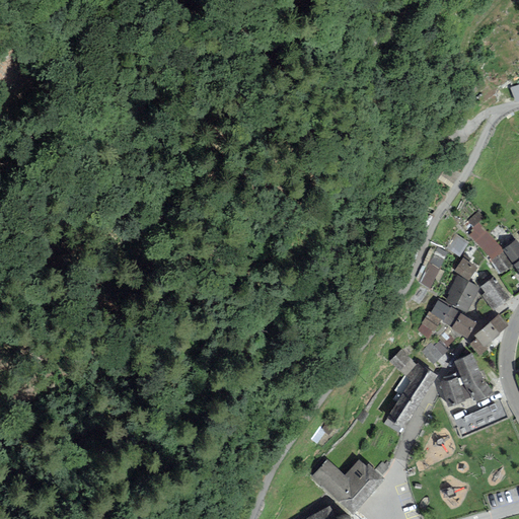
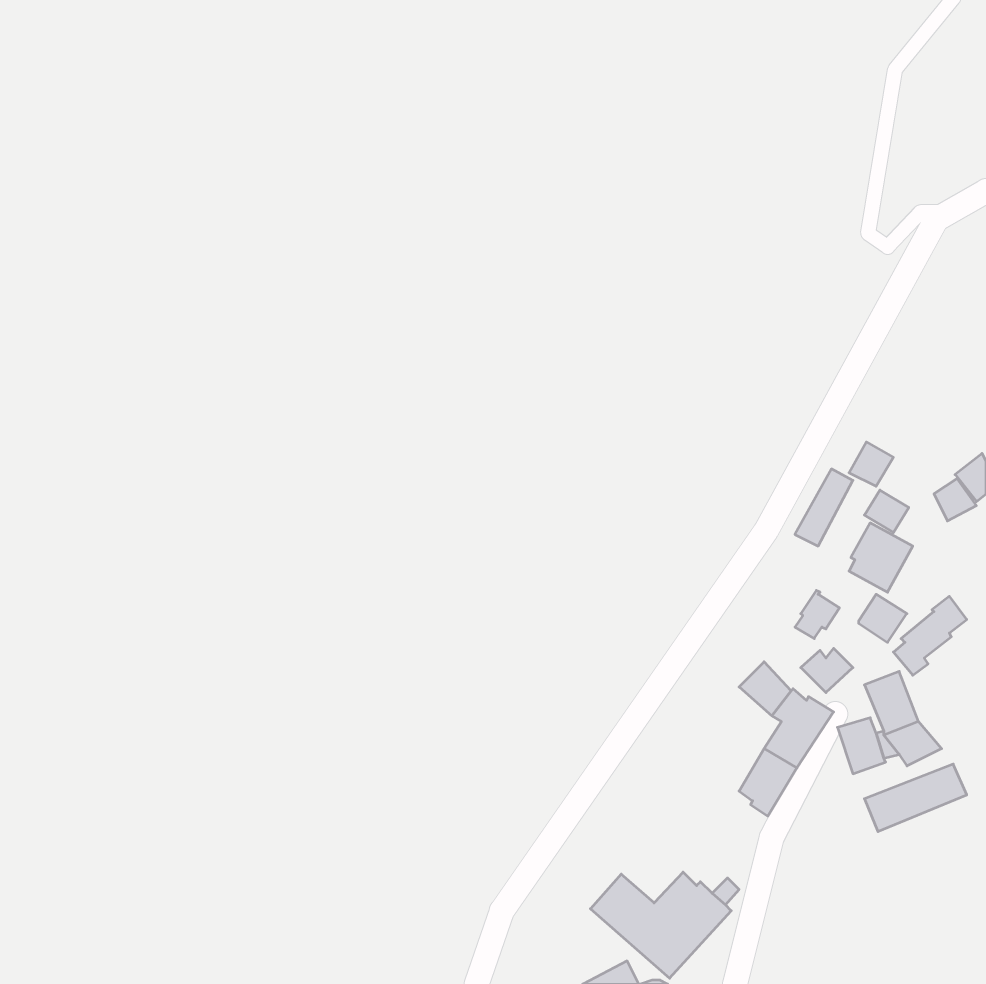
building: [469,222,503,260] -> none
building: [479,278,510,310] -> none
building: [430,300,460,326] -> none

